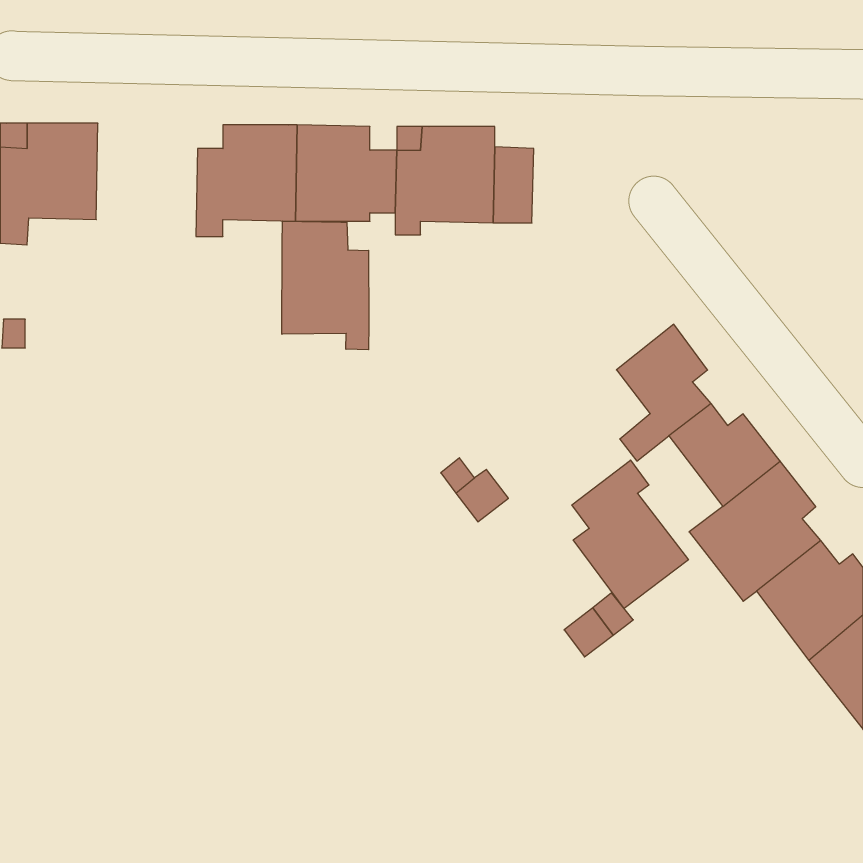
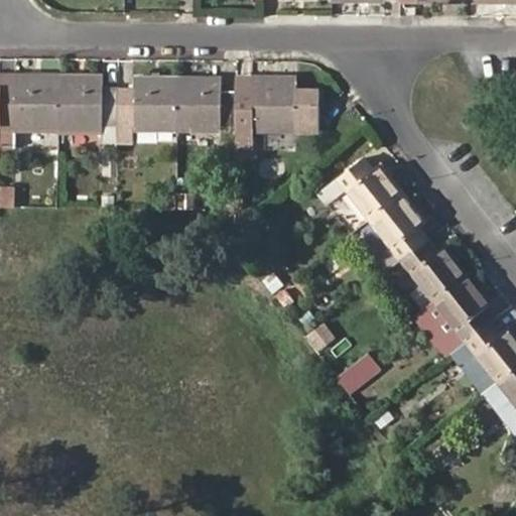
building: none -> [57,74,118,141]
building: [282,221,369,350] -> none
building: none -> [319,158,402,221]
building: [572,460,688,609] -> none

